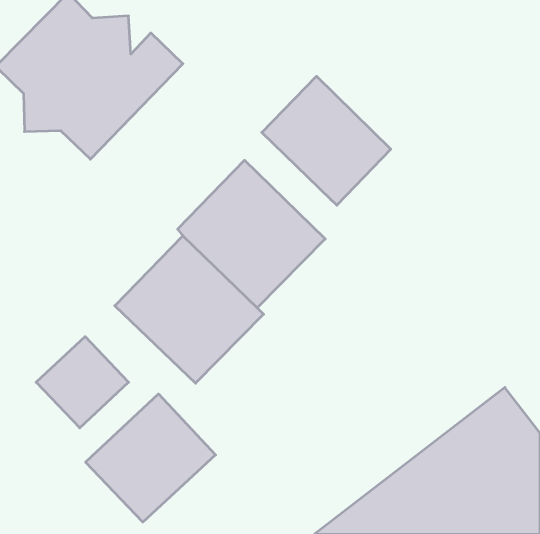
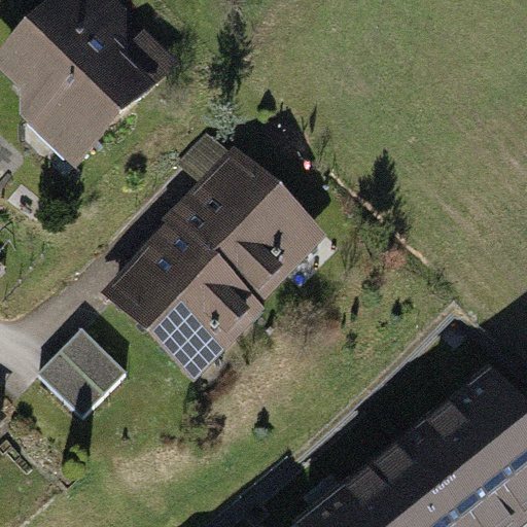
building: [262,76,391,205] -> none
building: [86,394,216,522] -> none

